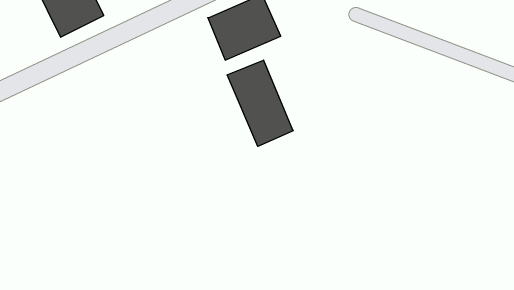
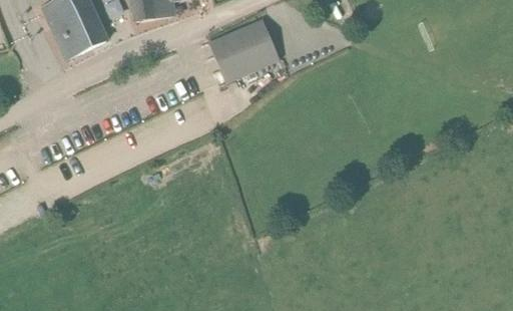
building: [227,60,293,146] -> none

